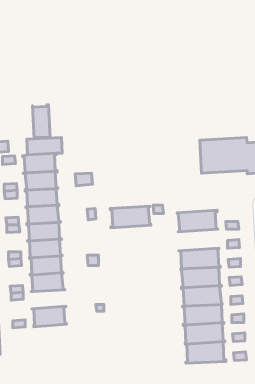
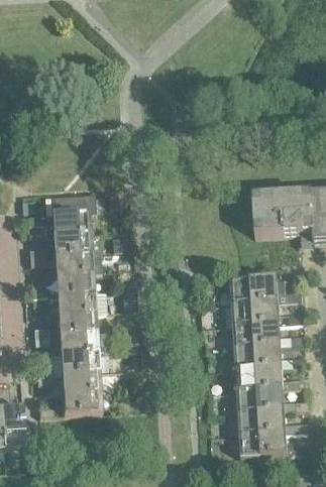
building: [33,105,50,139] -> none
building: [110,206,151,228] -> [231,298,279,324]
building: none -> [60,369,100,391]

